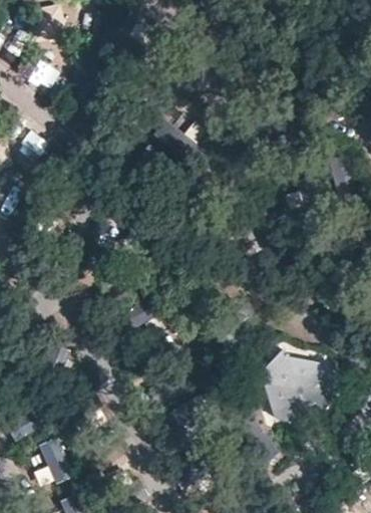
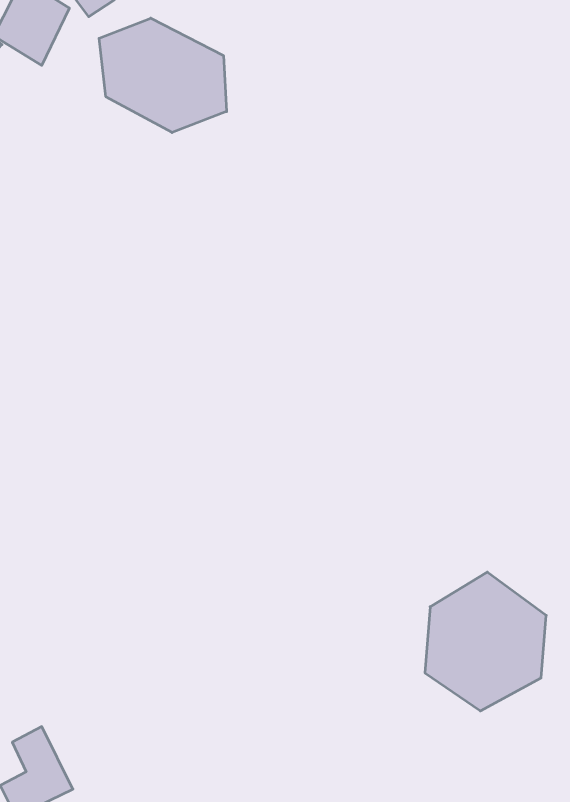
building: none -> [99,18,227,133]

